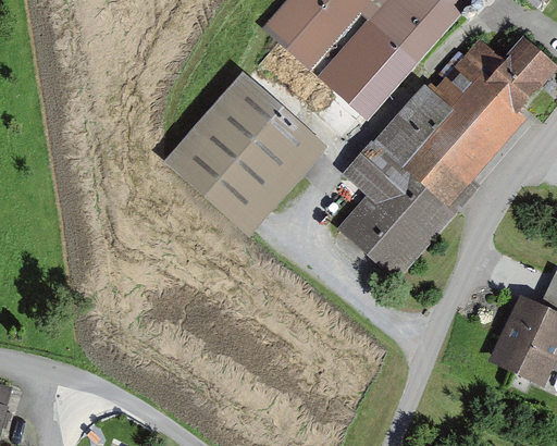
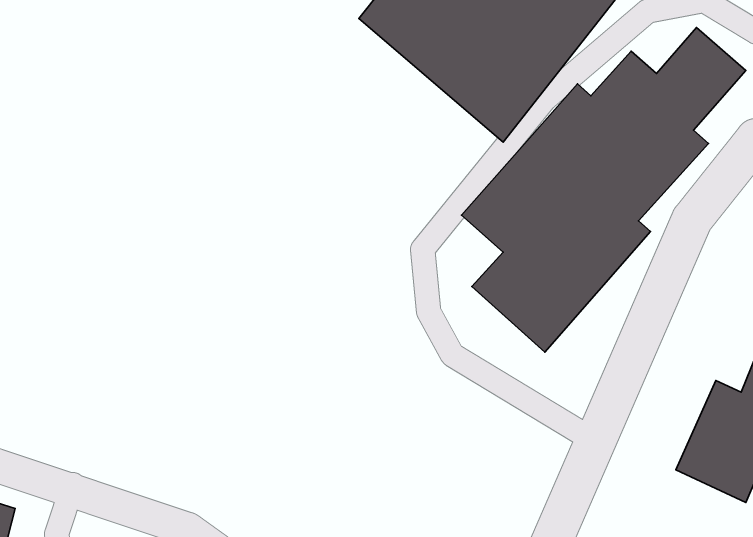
building: [159,70,324,234] -> none

